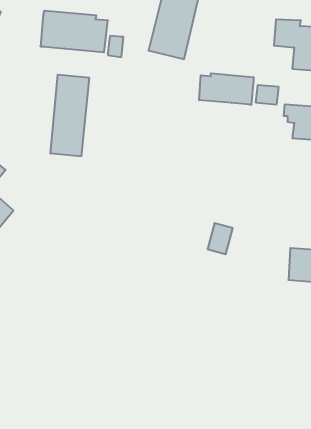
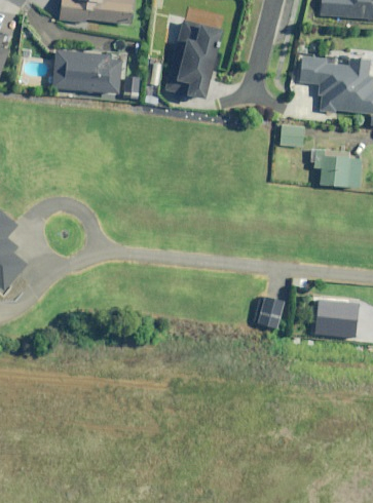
building: [199,73,254,105] -> none
building: [51,75,89,156] -> none
building: [208,223,233,254] -> [257,297,284,330]

